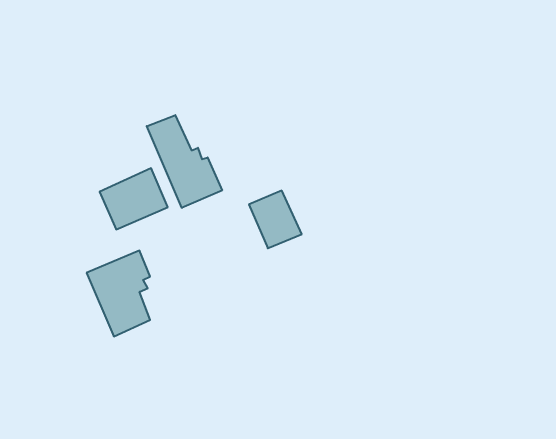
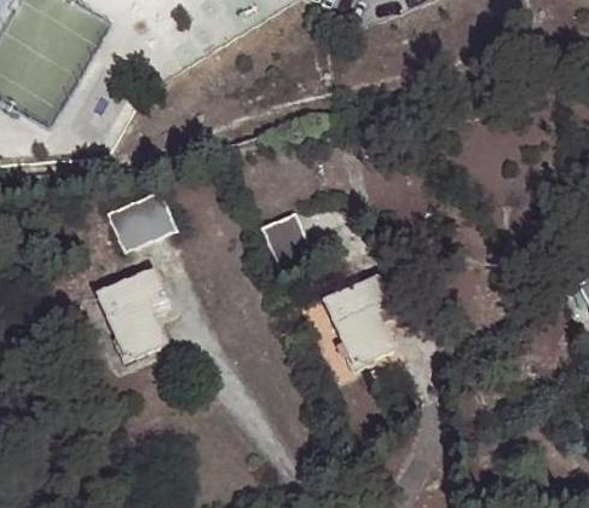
building: [147,115,222,208] -> none
building: none -> [323,278,391,366]

